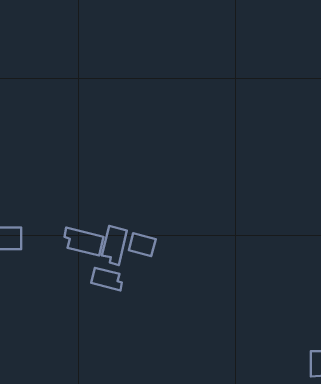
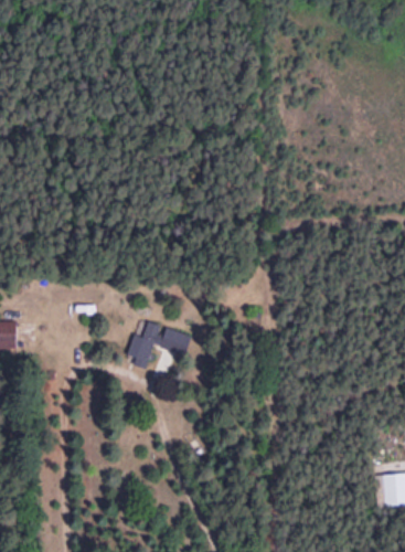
building: [64,227,103,256] -> none
building: [91,268,122,290] -> none

